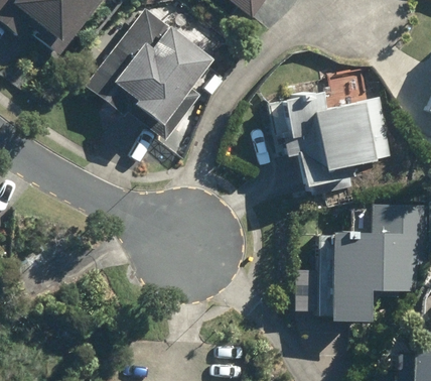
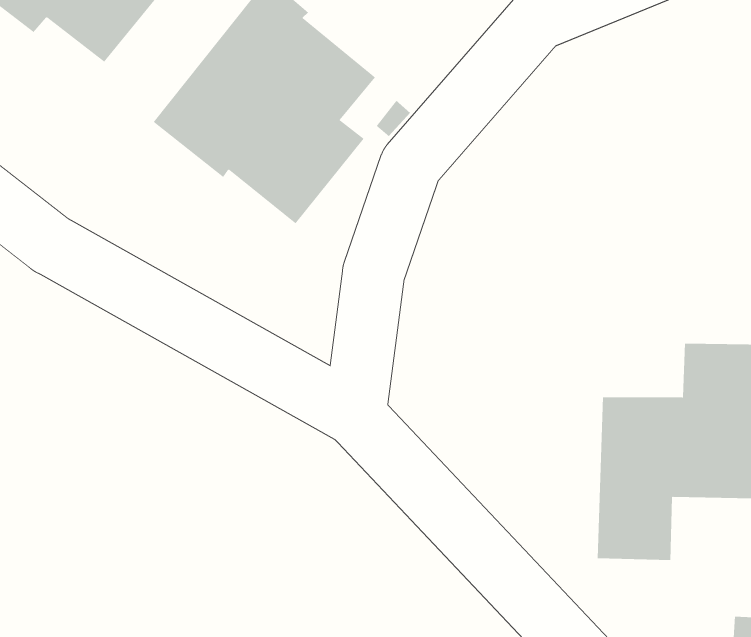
building: [278,91,394,192] -> none

